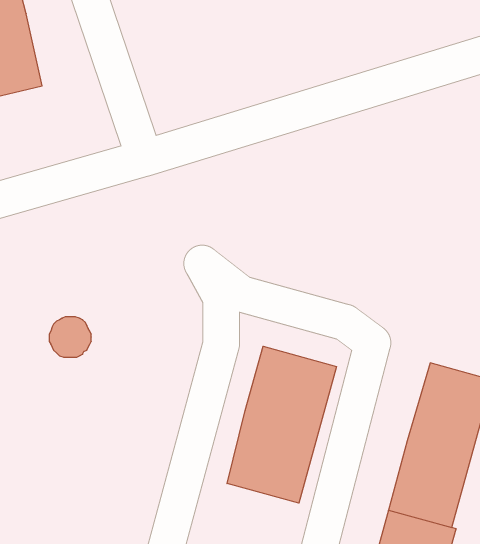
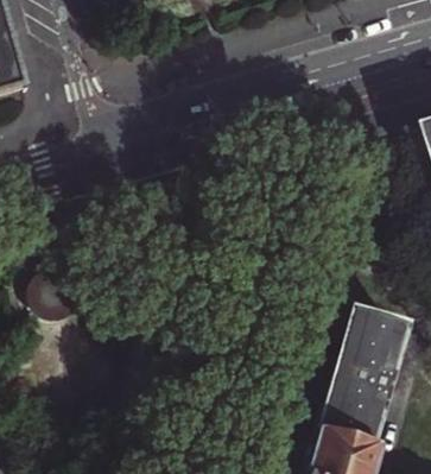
building: [227,346,336,503] -> none

